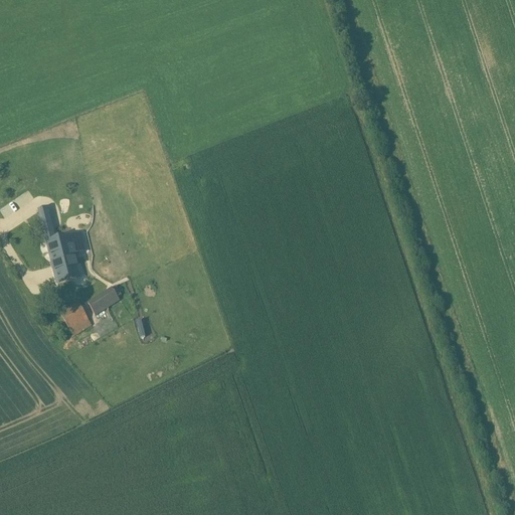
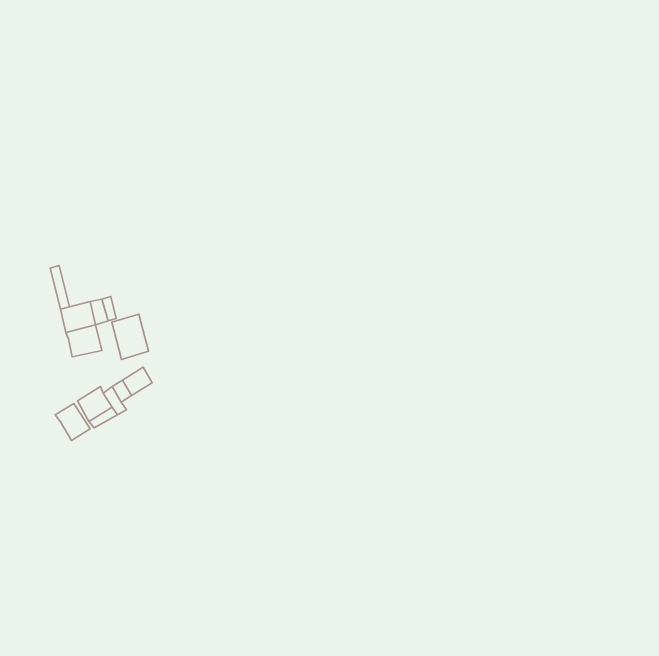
building: none -> [112,314,149,359]
building: none -> [55,403,90,440]

